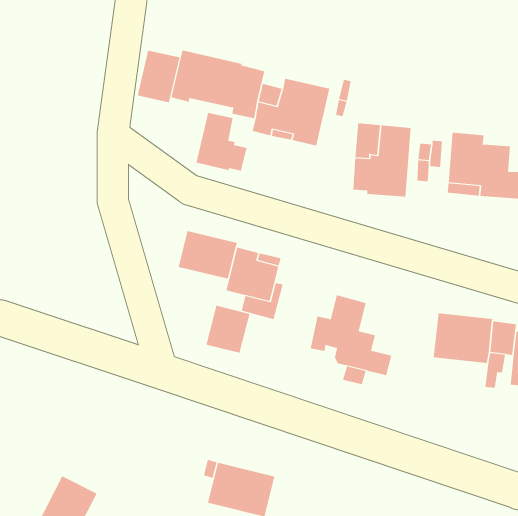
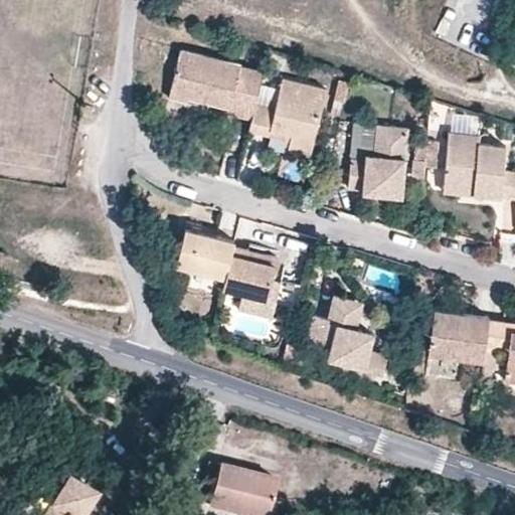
building: [137,50,180,103] -> none
building: [196,112,247,171] -> none
building: [206,305,250,354] -> none

